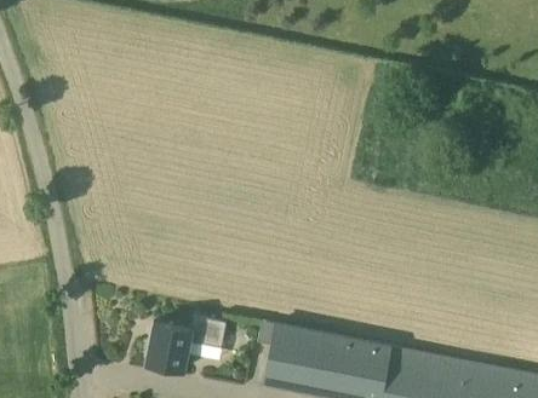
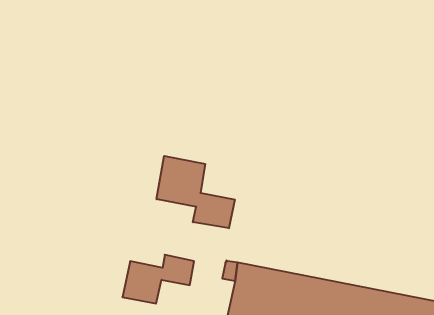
building: none -> [157,156,235,228]

